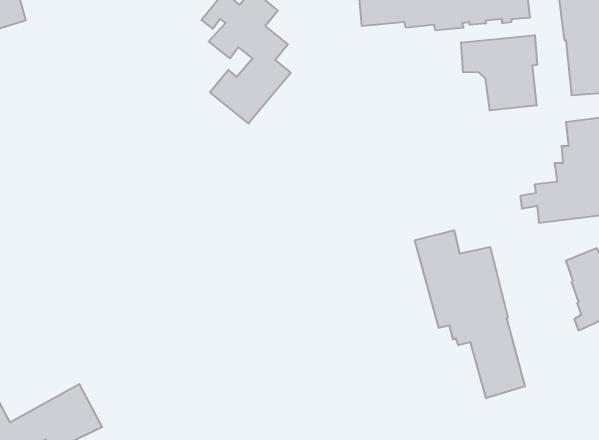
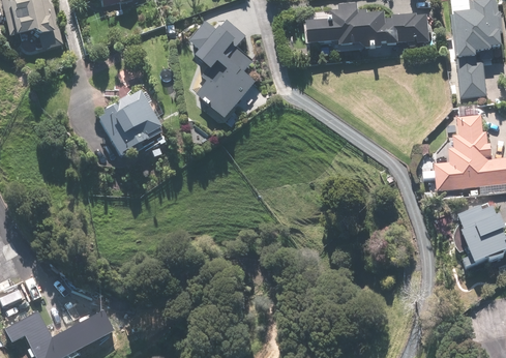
building: [461,35,537,111] -> none
building: none -> [96,89,162,157]
building: [415,230,525,398] -> none

